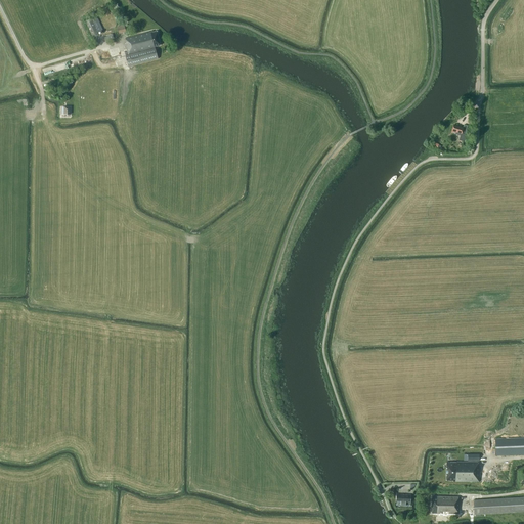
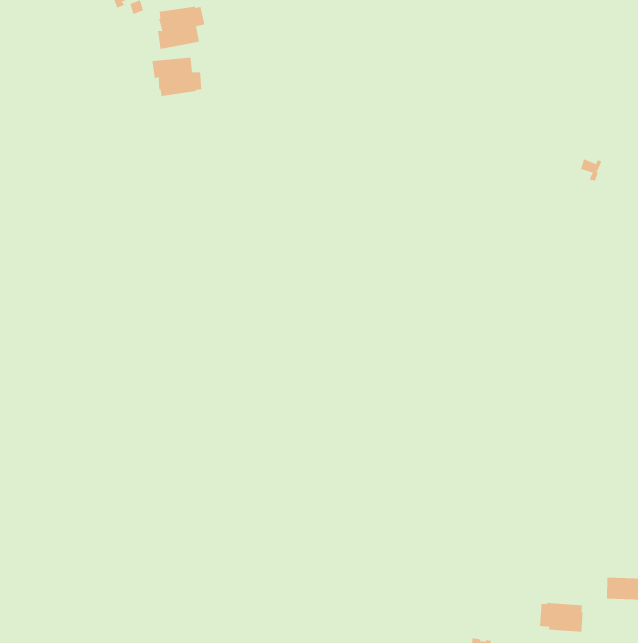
building: none -> [152,57,202,97]

